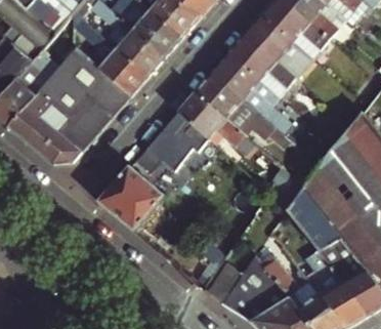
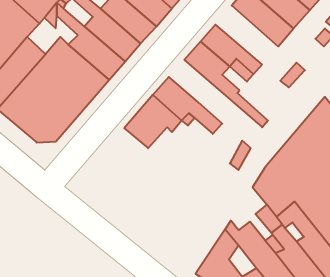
building: [245,14,312,78] -> none
building: [195,73,295,154] -> none
building: [99,166,165,241] -> none

